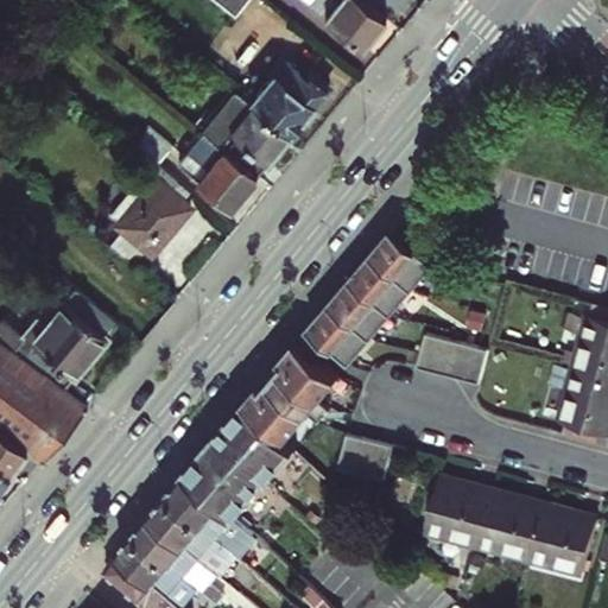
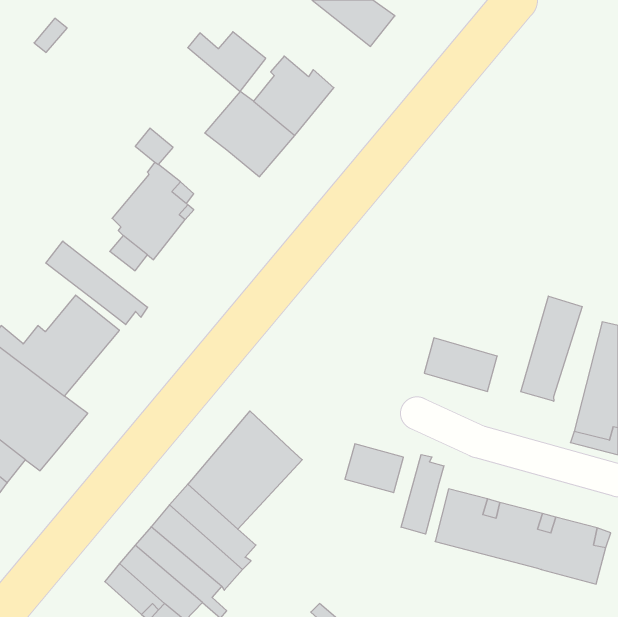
building: [177,152,253,210] -> [188,32,266,91]
building: [243,232,433,443] -> none
building: none -> [46,241,148,325]
building: none -> [521,296,582,401]
building: none -> [401,455,444,534]

